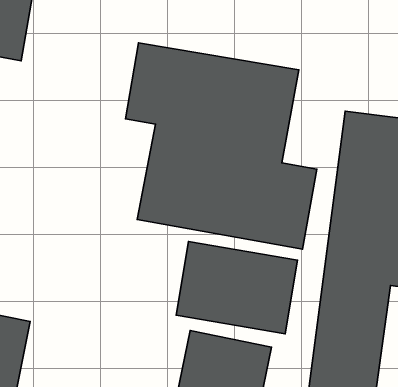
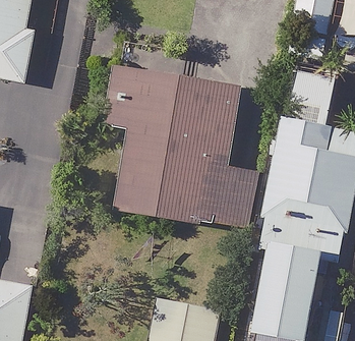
building: [176,242,298,334] -> none

